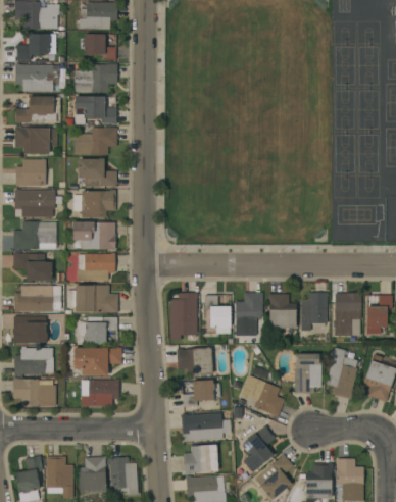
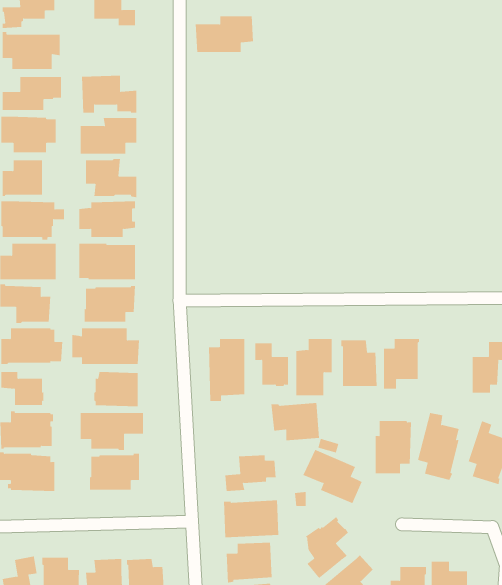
building: [73,64,117,92] -> [195,16,254,53]
building: [334,293,361,336] -> none
building: [176,348,212,376] -> [271,403,320,441]

